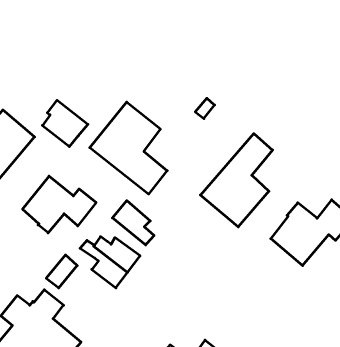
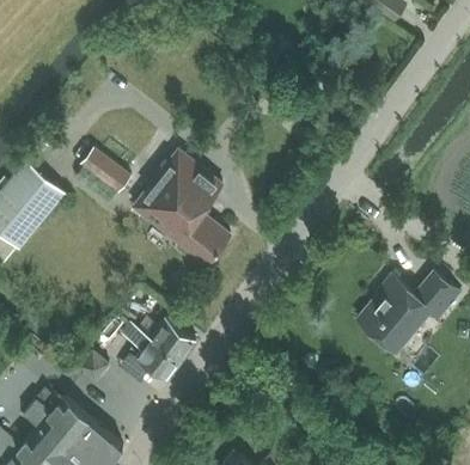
building: [200,134,273,227] -> none
building: [23,176,96,233] -> none
building: [112,201,154,245] -> none

